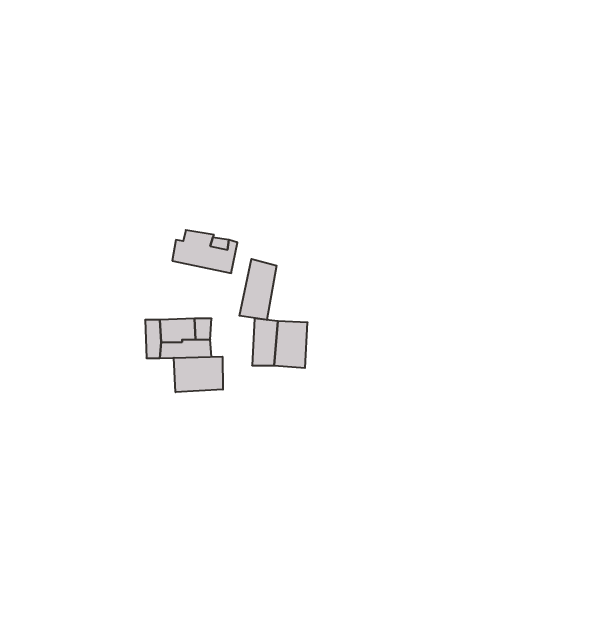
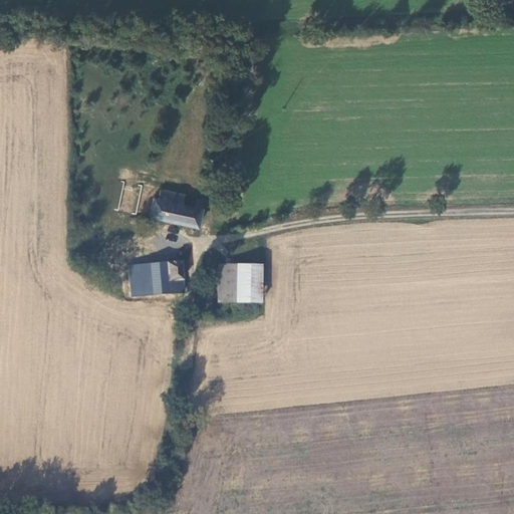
building: [239,259,277,320] -> none
building: [174,357,223,392] -> none

